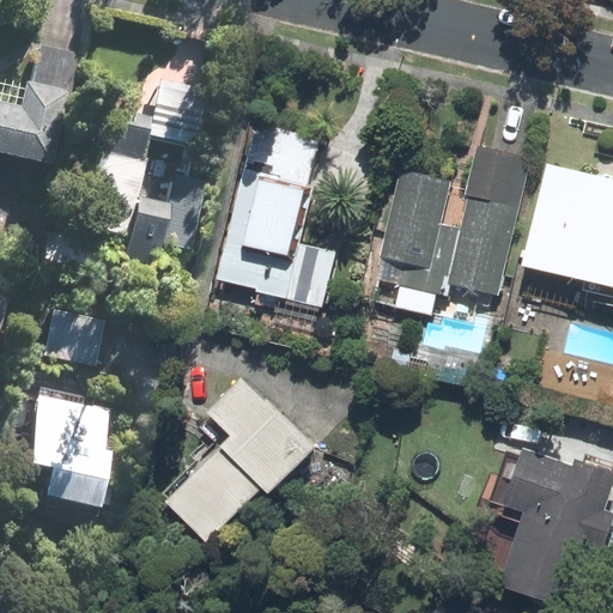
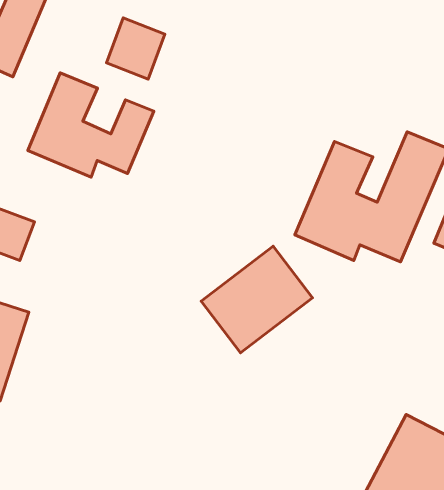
building: [221,123,334,303] -> none
building: none -> [201,246,313,353]
building: [178,381,316,536] -> none

